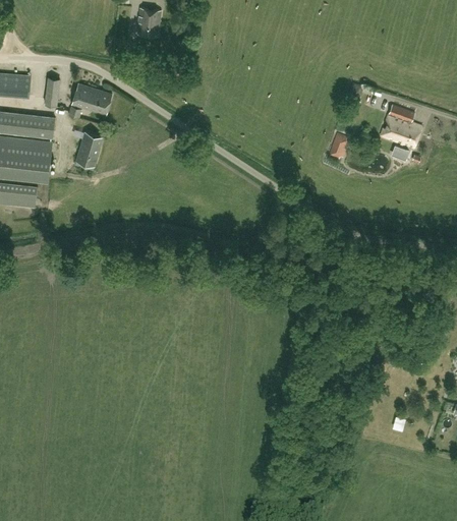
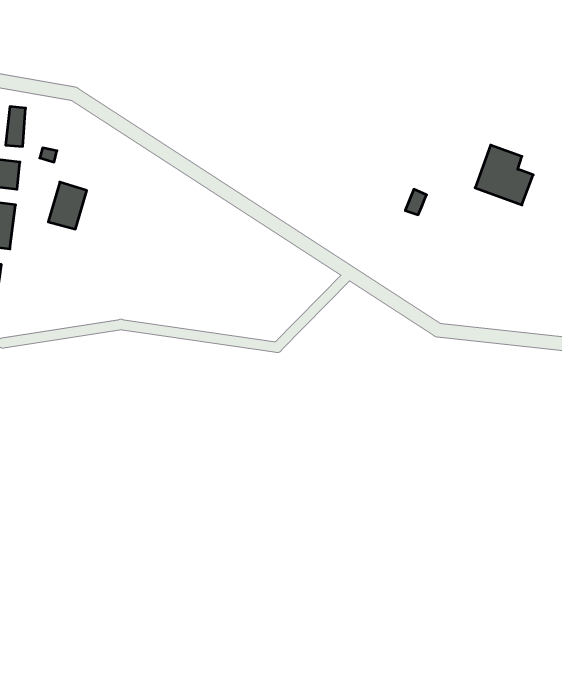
building: [136,7,160,37] -> none
building: [71,83,111,114] -> none

